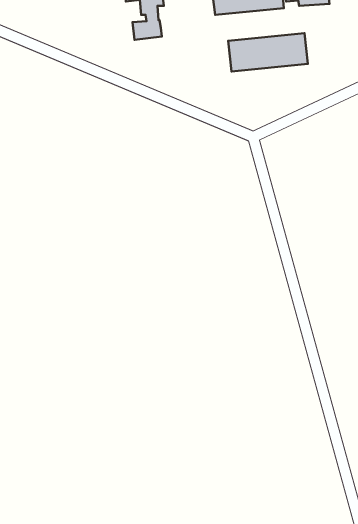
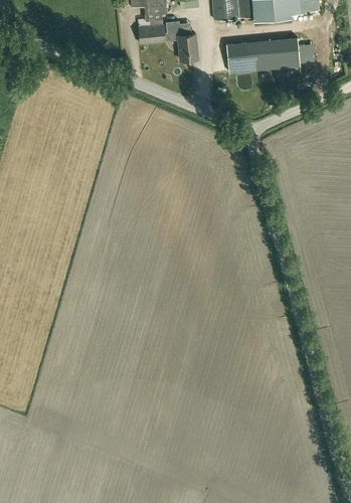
building: none -> [164,21,198,59]

